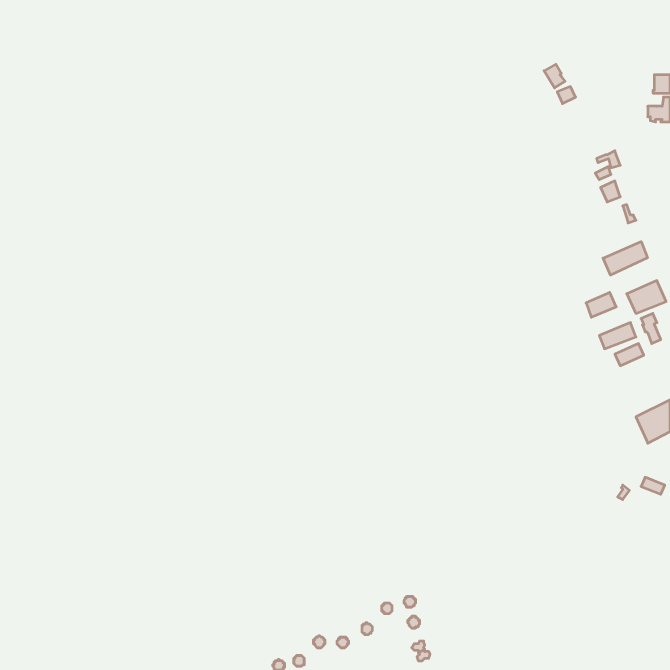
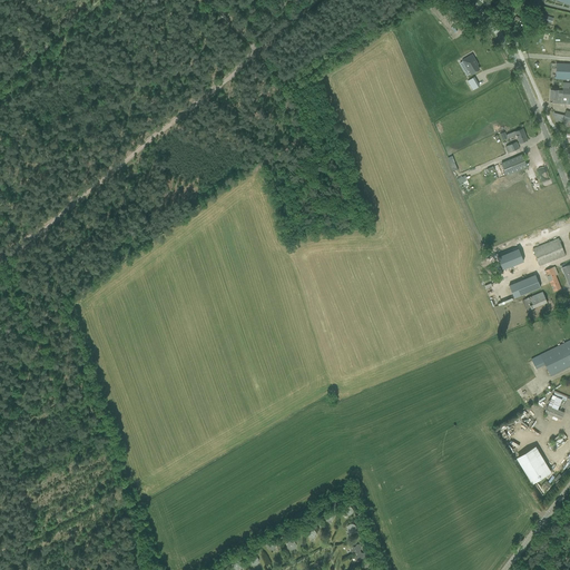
building: [603,242,647,275] -> none
building: none -> [518,449,549,483]

